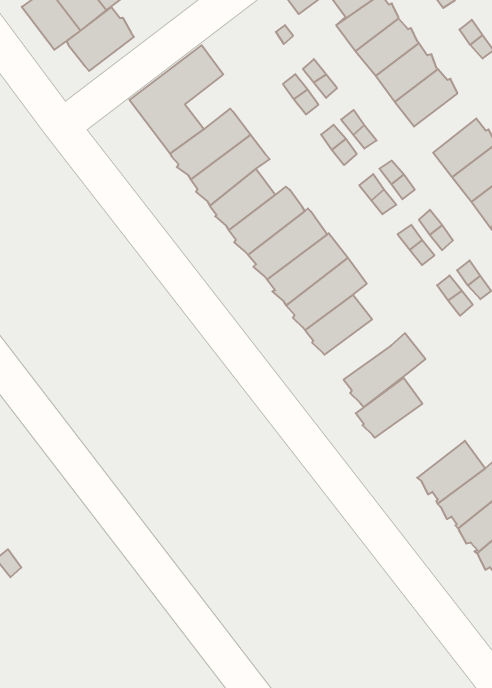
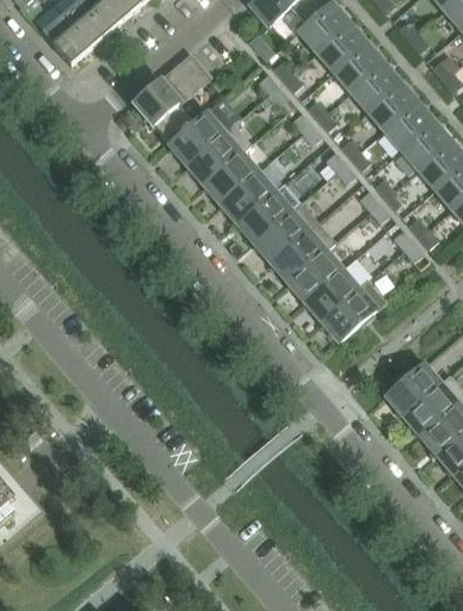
building: [67,7,134,71] -> none
building: none -> [365,81,415,130]
building: [356,378,422,438] -> [303,269,357,319]

